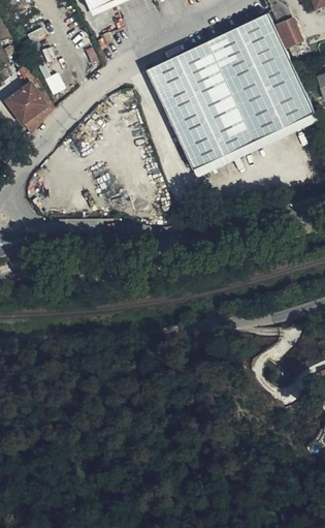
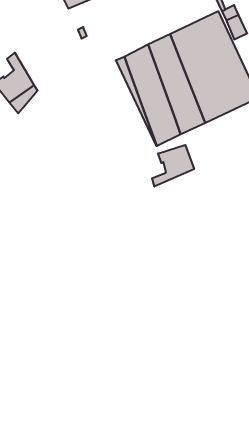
building: none -> [152,145,194,187]

